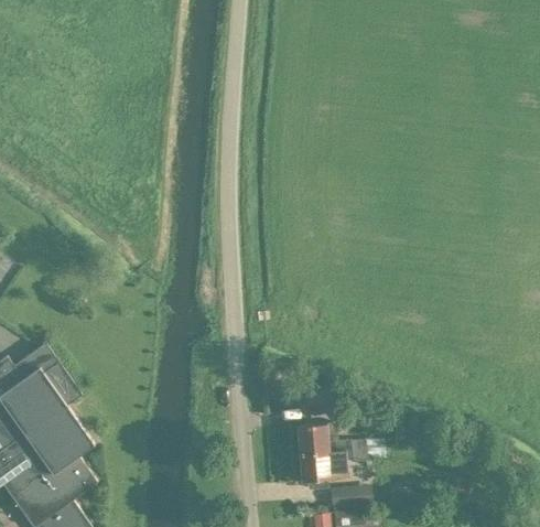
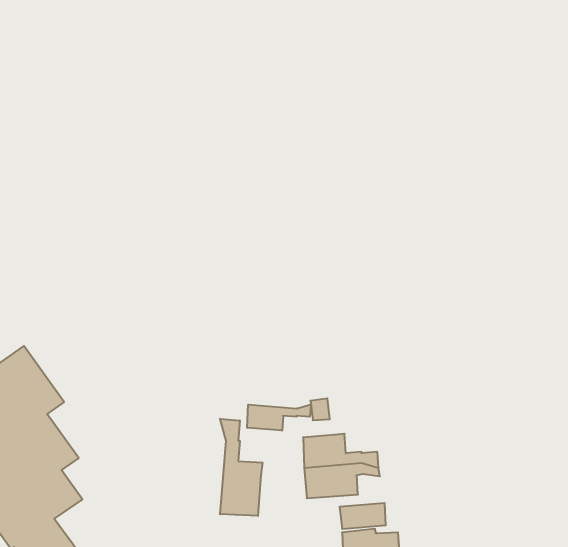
building: none -> [247,405,311,431]
building: none -> [220,419,262,516]

